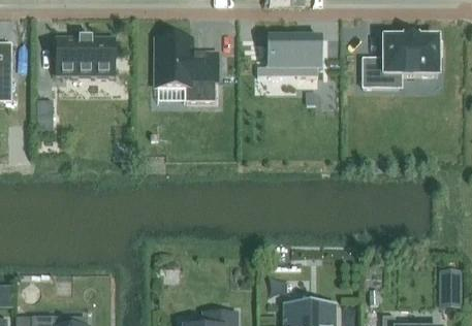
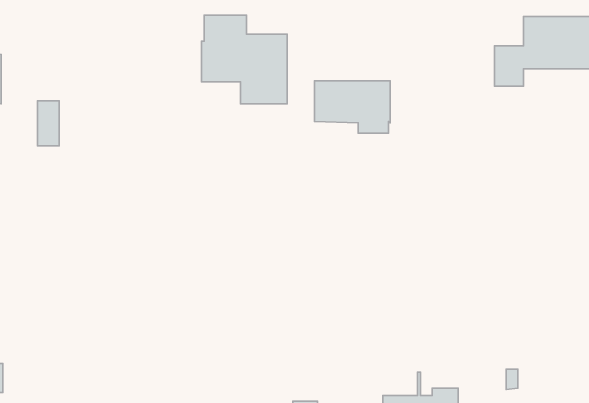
building: [56,35,115,73] -> none
building: [265,37,319,74] -> [315,81,390,133]

